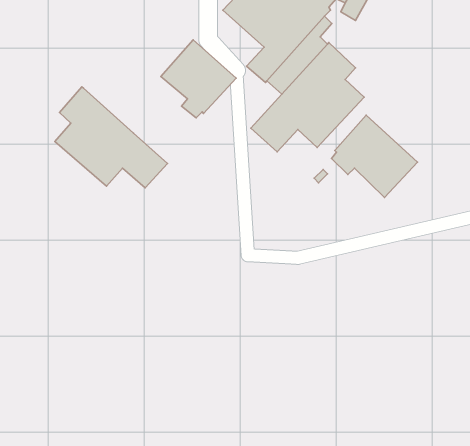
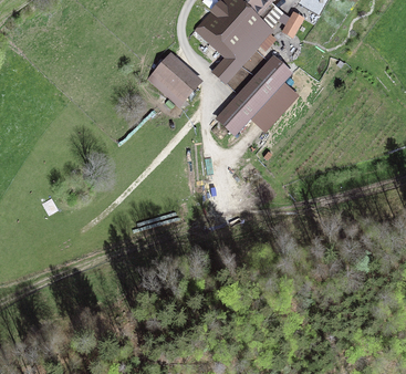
building: [55,87,168,188] -> none
building: [332,115,418,197] -> none

